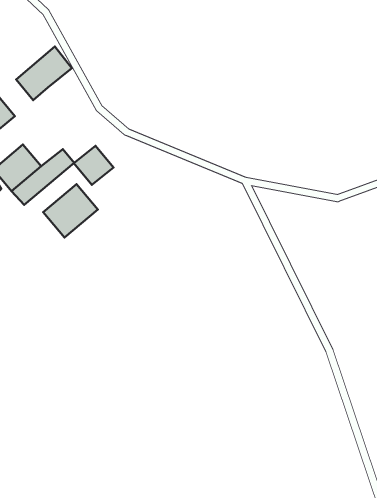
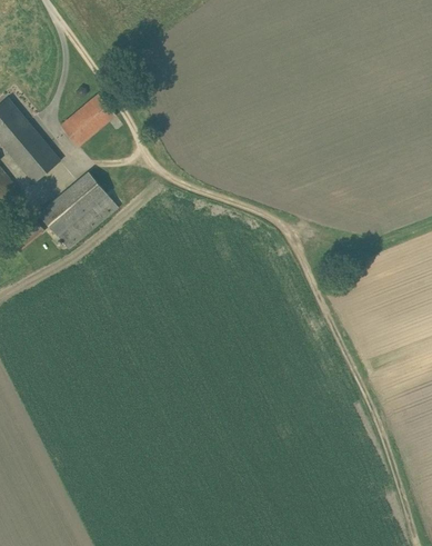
building: [74,146,114,185] -> [67,172,106,210]
building: [43,184,98,237] -> none

